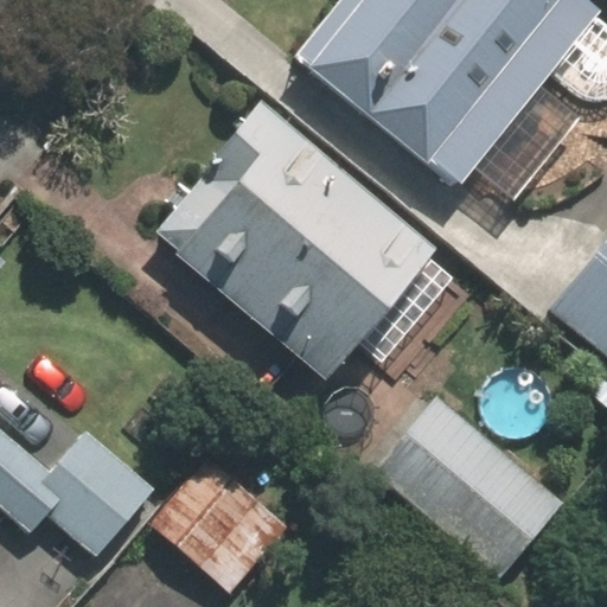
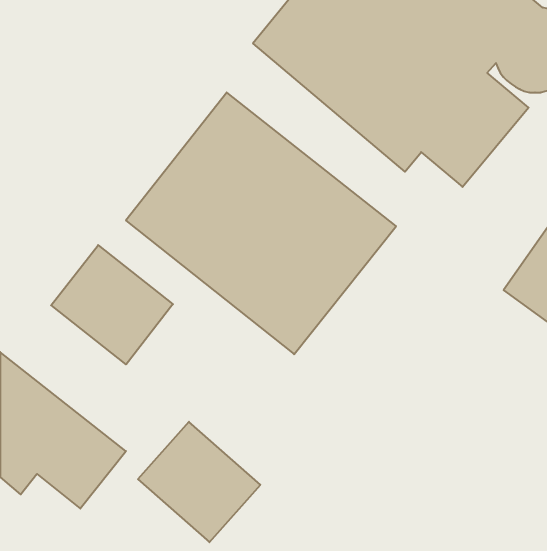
building: none -> [51,245,173,364]
building: [369,388,568,580] -> none

